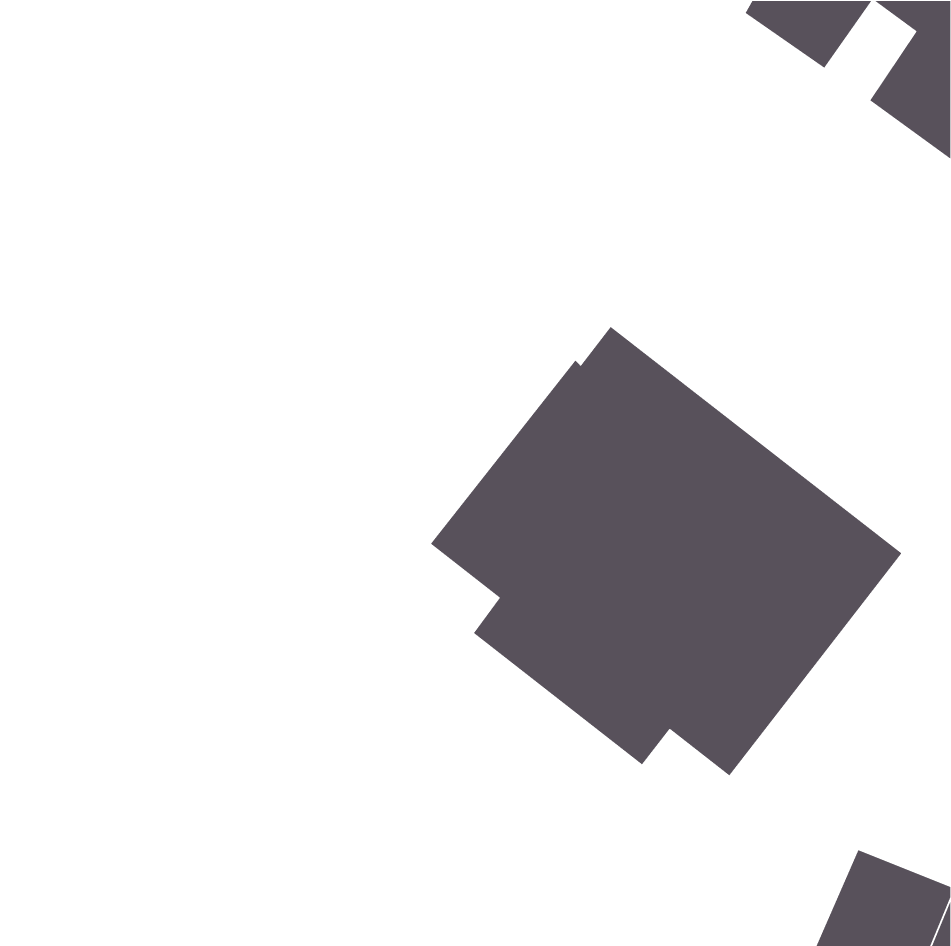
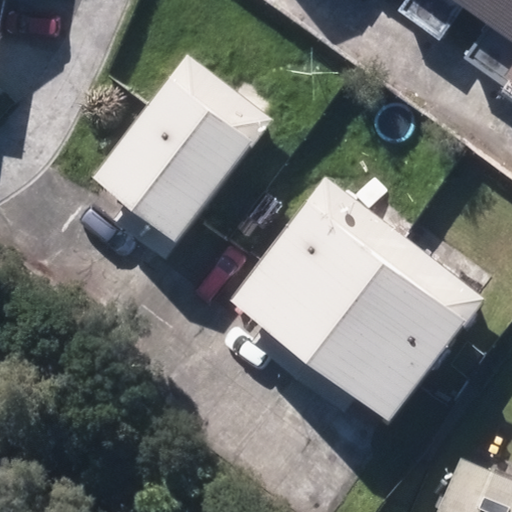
building: none -> [91,55,289,263]

